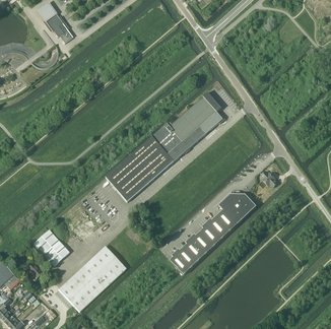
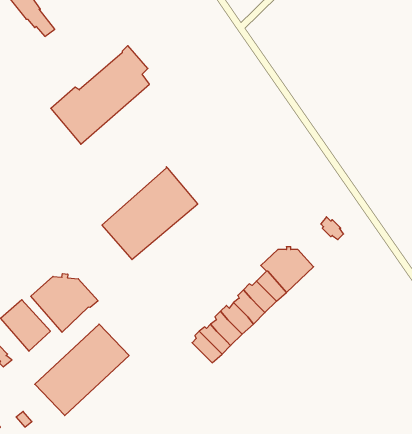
building: [152,91,222,161] -> [51,46,149,144]
building: none -> [31,274,98,332]

